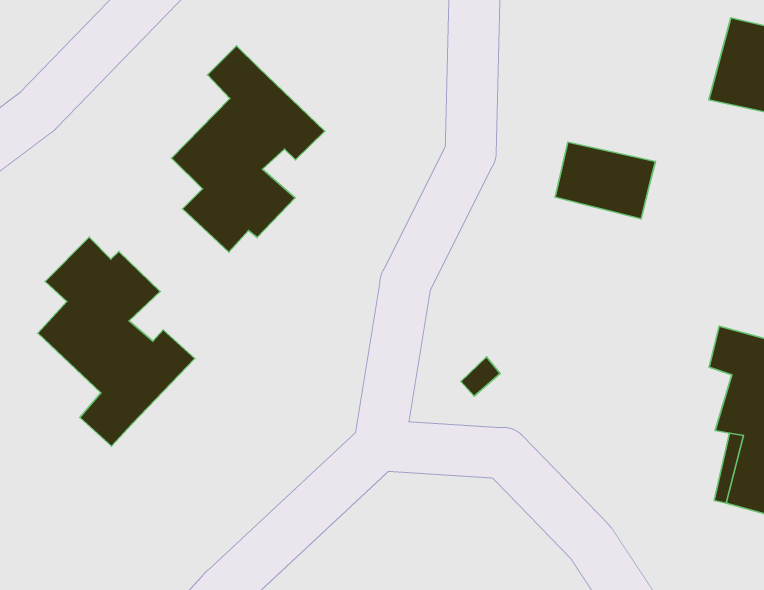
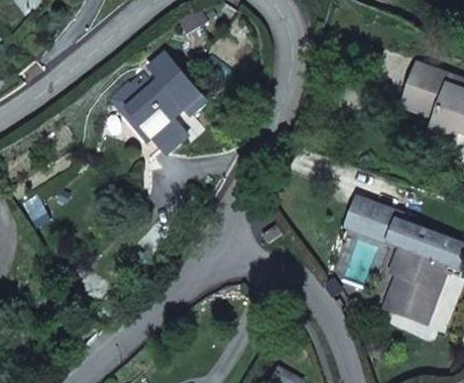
building: [555,142,656,219] -> [345,197,397,240]
building: [38,237,195,446] -> none

